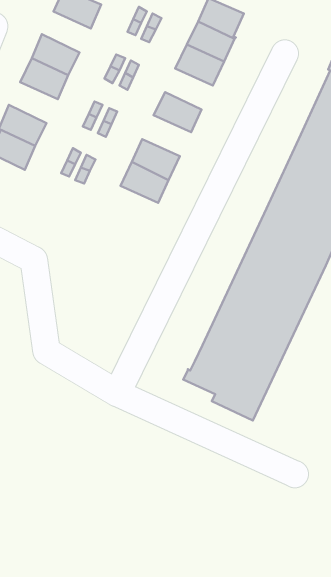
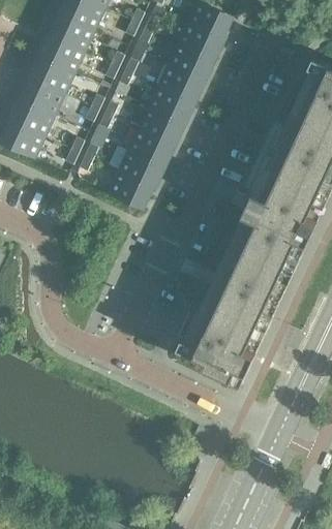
building: none -> [49,13,93,51]
building: none -> [160,65,204,102]
building: none -> [19,77,63,115]
building: none -> [140,107,184,145]
building: none -> [110,172,154,208]

